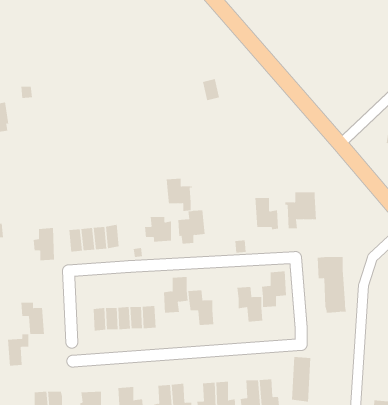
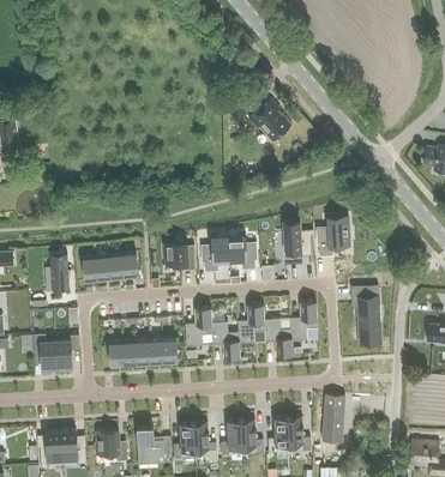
building: none -> [248,98,290,141]
building: [166,178,193,212] -> [227,234,255,270]
building: none -> [236,303,264,343]
building: [7,334,29,366] -> [54,334,78,369]

